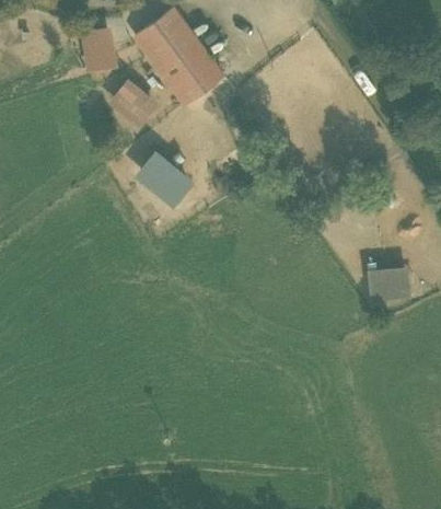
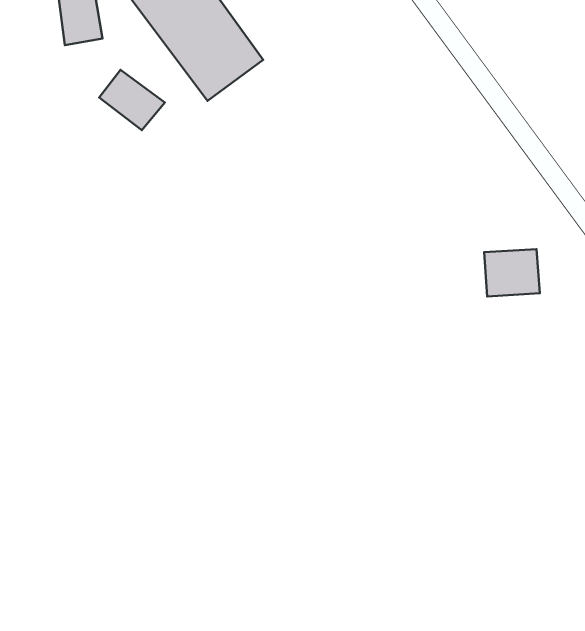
building: [140,153,194,205] -> none
building: [371,269,408,301] -> [484,249,540,296]

